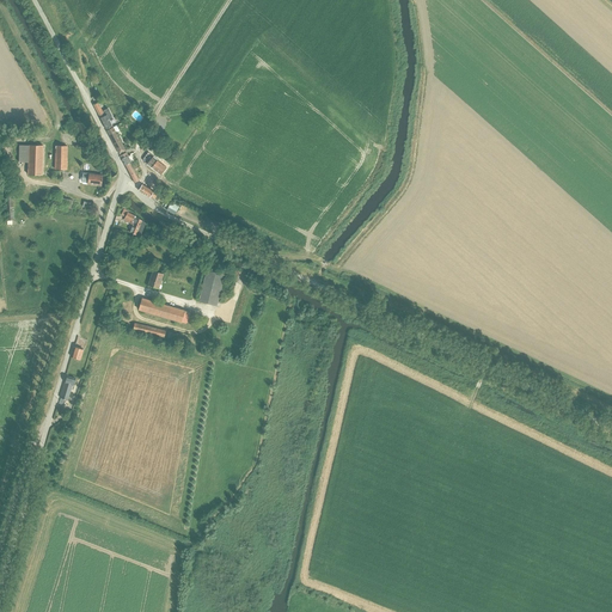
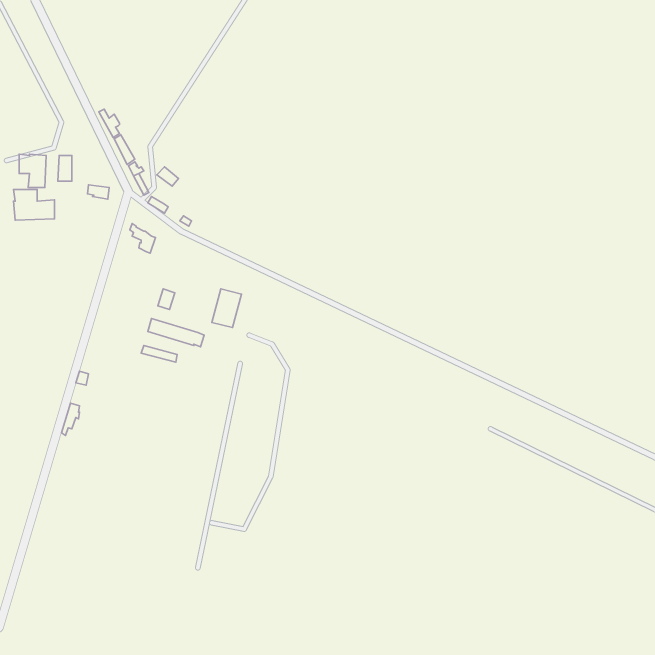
building: none -> [14,189,55,220]

